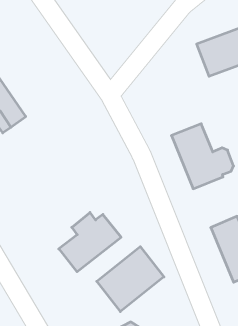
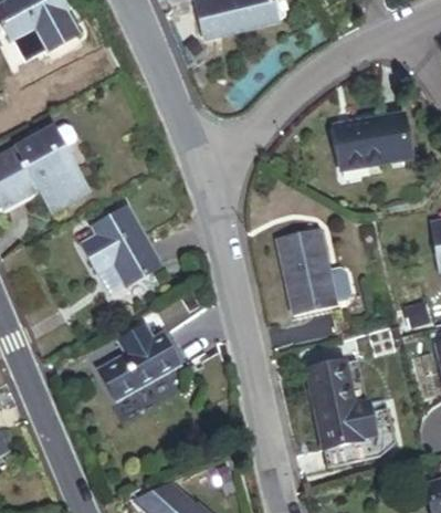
building: none -> [86,205,161,281]
building: [97,247,164,312] -> none

